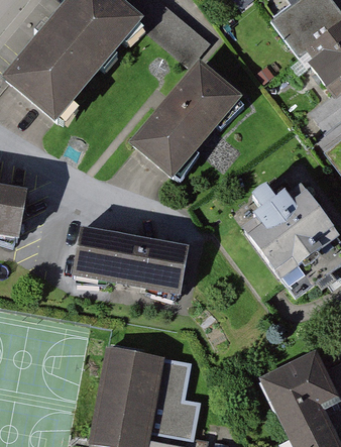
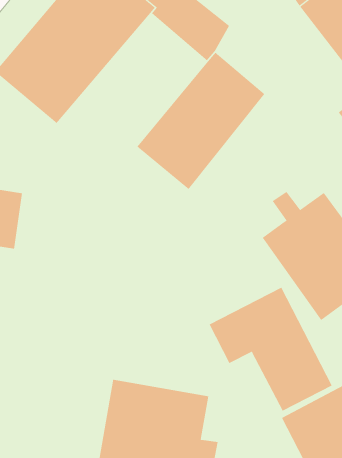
building: [72,227,189,297] -> none
building: none -> [209,287,333,412]

